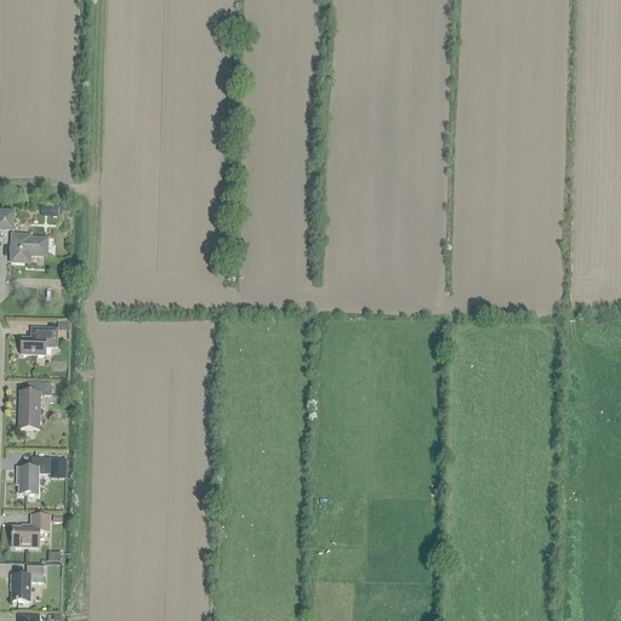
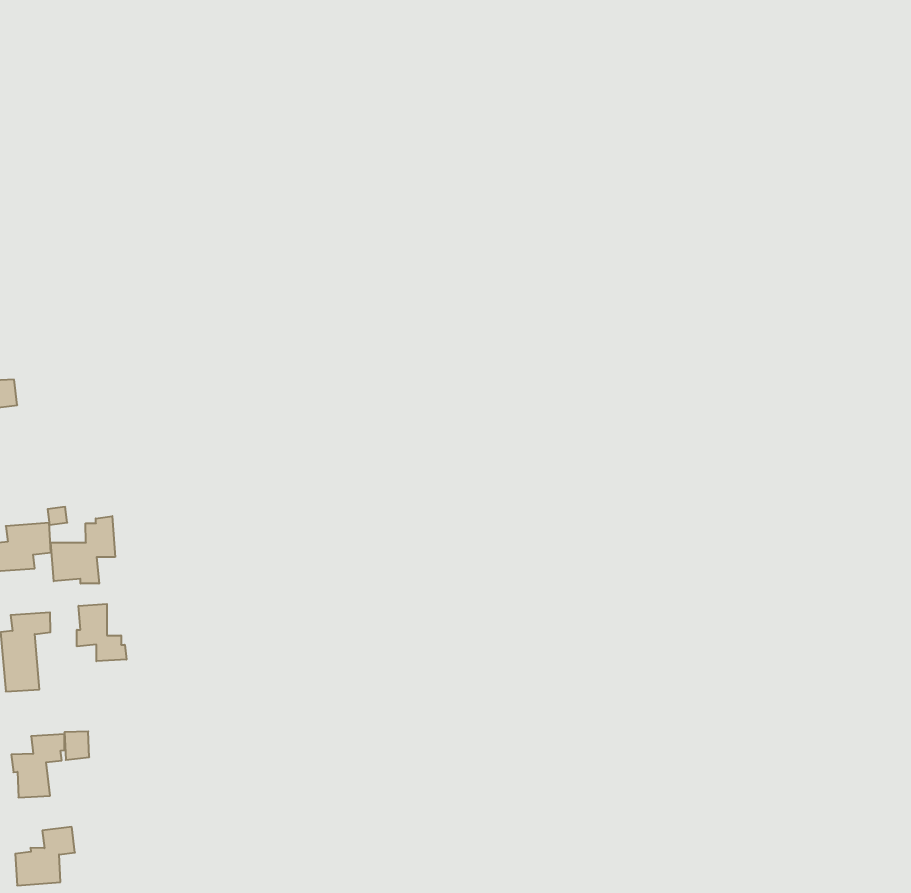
building: none -> [51,516,115,584]
building: none -> [77,604,126,661]

